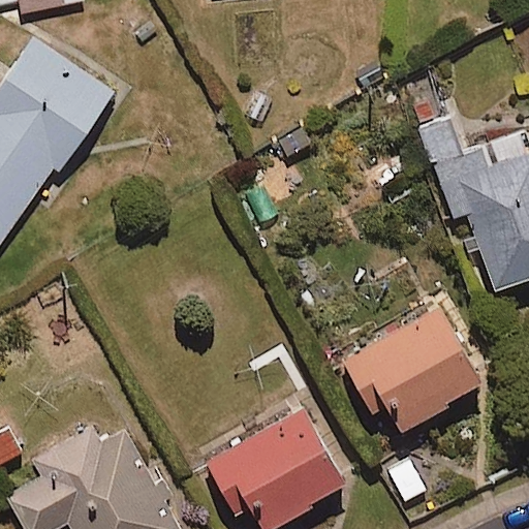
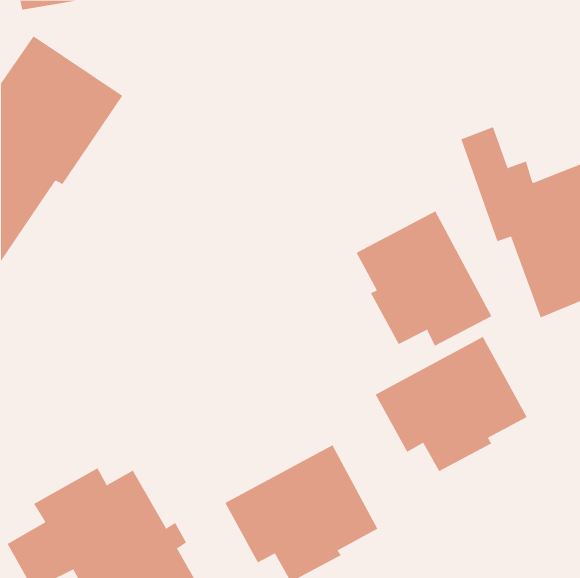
building: none -> [356,210,492,346]

